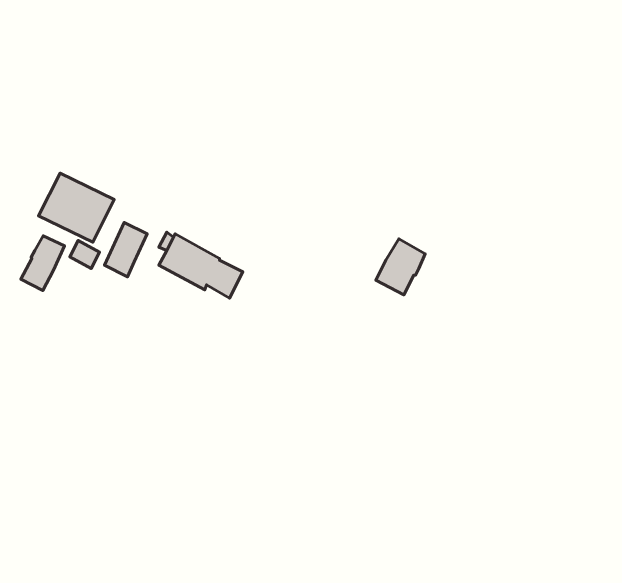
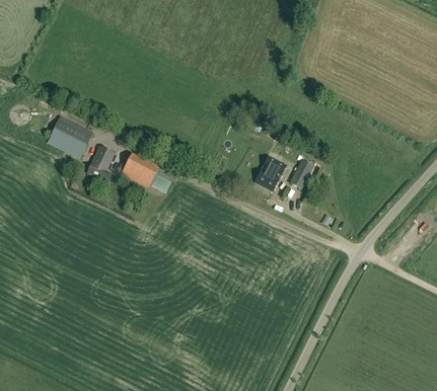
building: [21,236,64,291] -> none
building: none -> [290,157,314,188]

